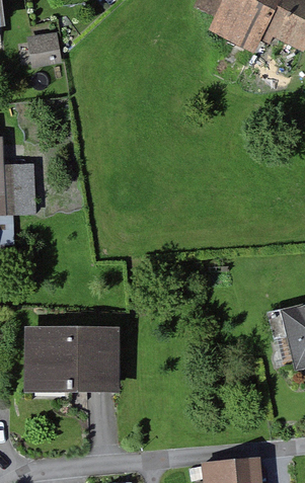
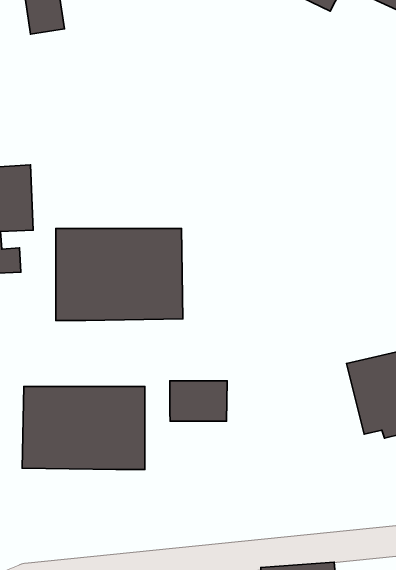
building: none -> [56,228,183,320]
building: none -> [170,381,227,421]

